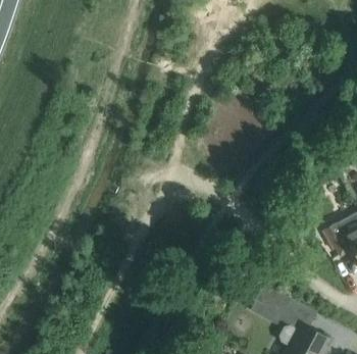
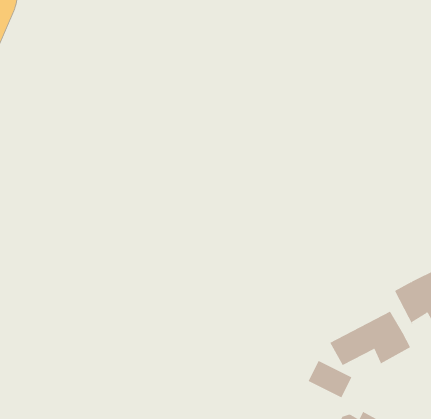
building: none -> [329,311,411,366]

